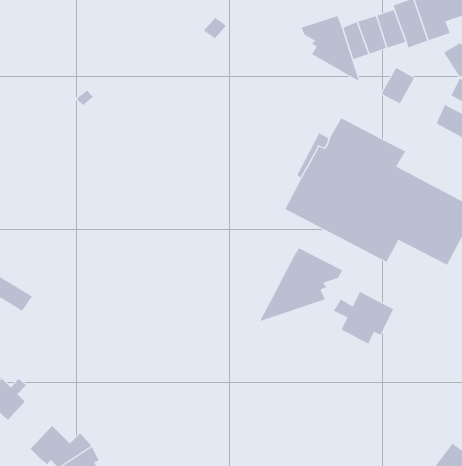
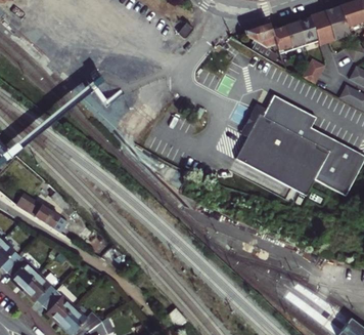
building: [259,247,343,322] -> none
building: [333,291,394,345] -> none
building: none -> [44,290,75,323]

